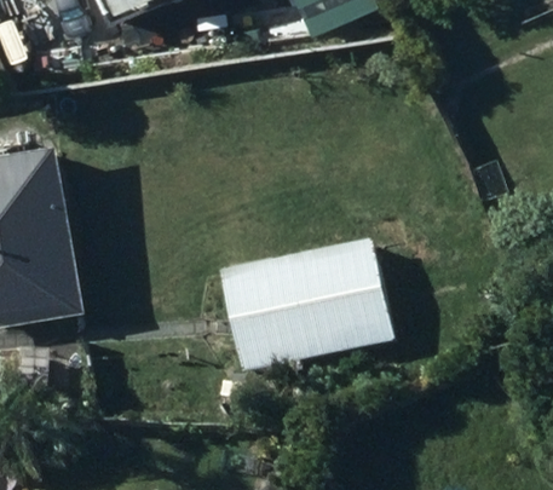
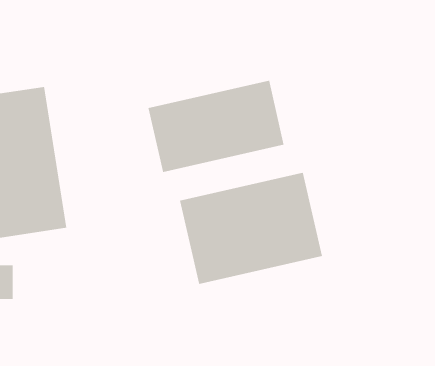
building: none -> [148,80,284,173]

